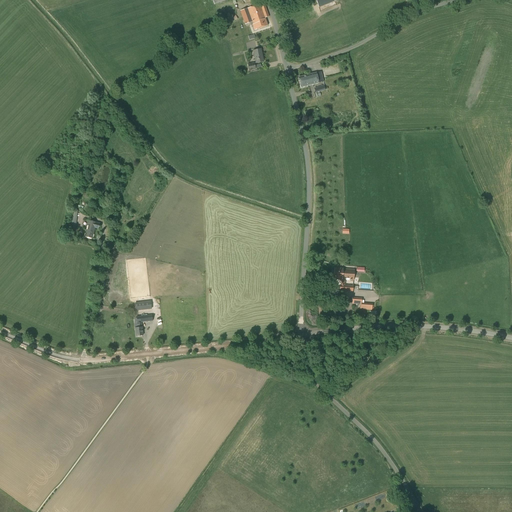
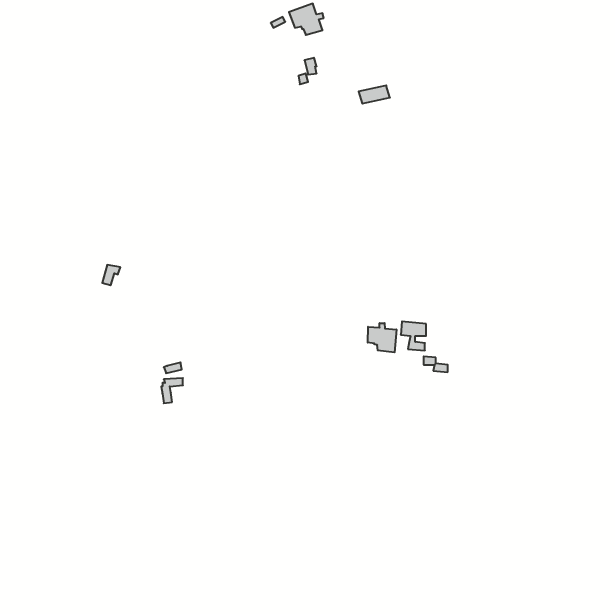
building: none -> [368,323,396,352]

